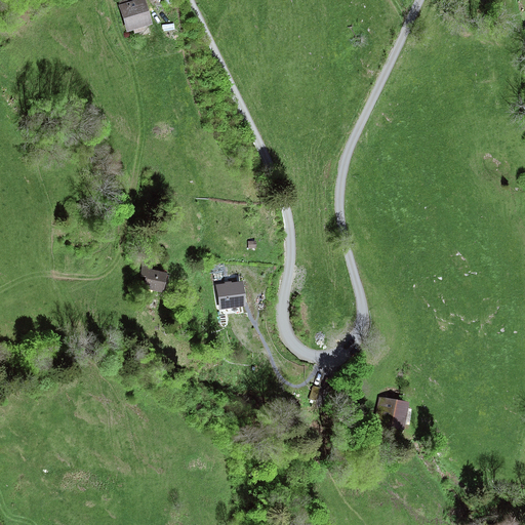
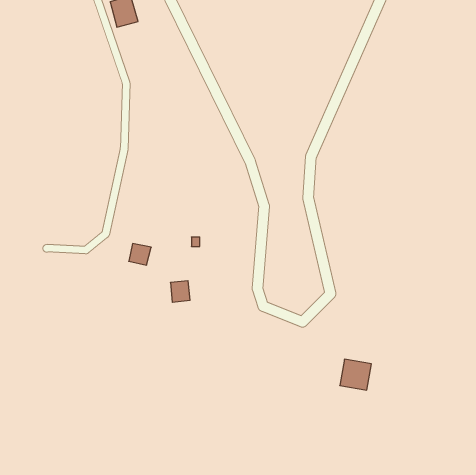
building: [218,284,240,308] -> [170,281,190,302]

